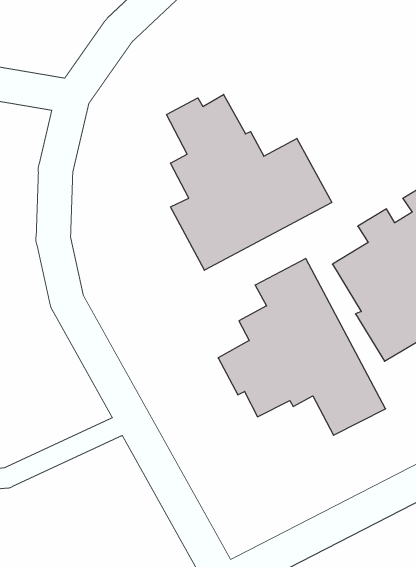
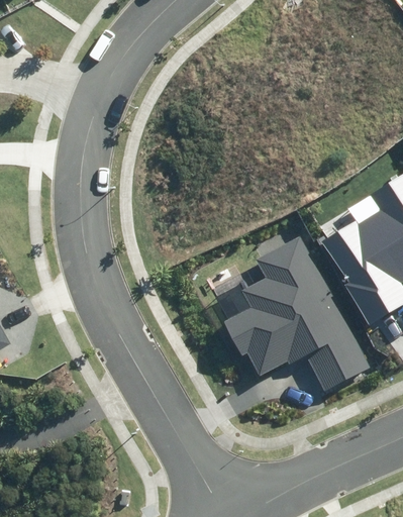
building: [167,94,332,270] -> none

